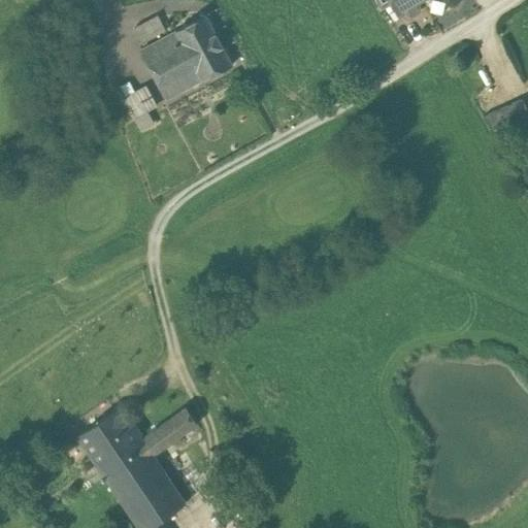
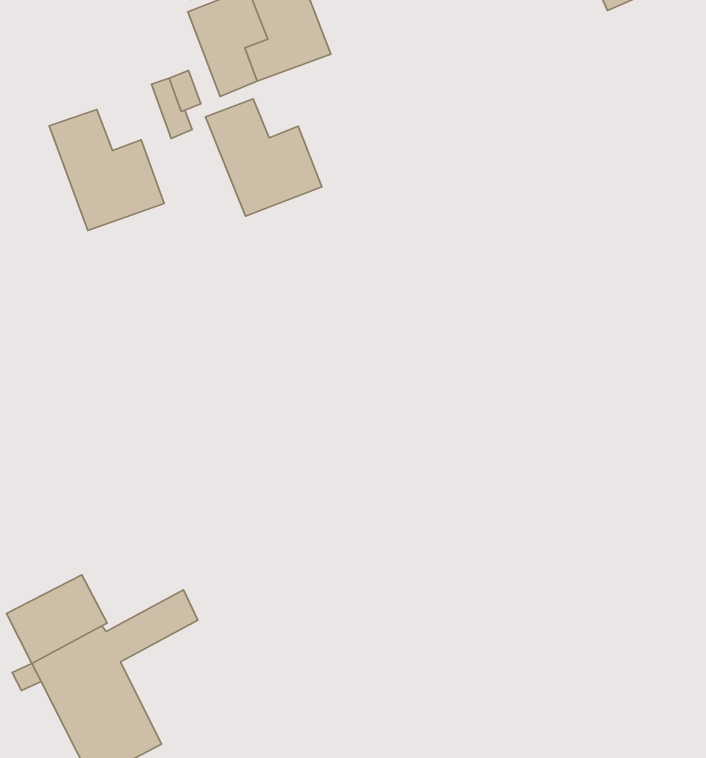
building: none -> [205,99,322,216]
building: none -> [49,110,164,230]

